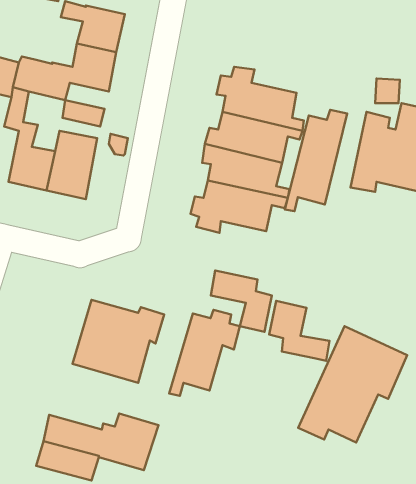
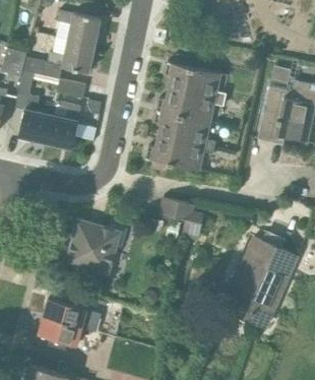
building: [285,110,347,211] -> none
building: [269,301,330,361] -> none
building: [169,310,240,396] -> none

